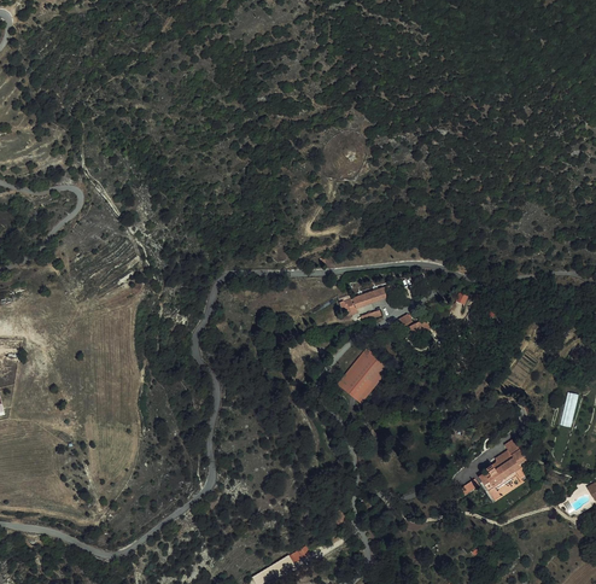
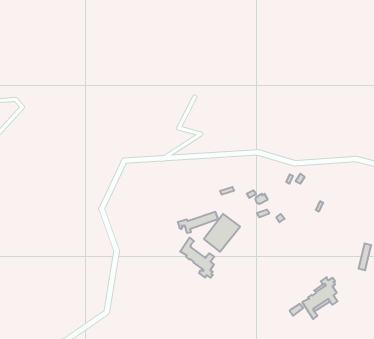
building: [337,284,395,314] -> [178,212,218,233]
building: none -> [180,238,214,278]

